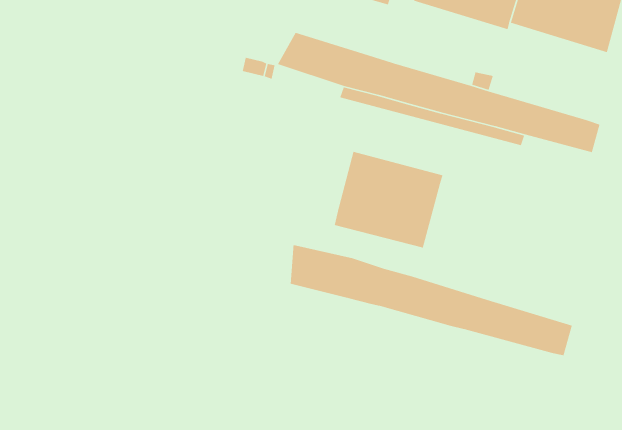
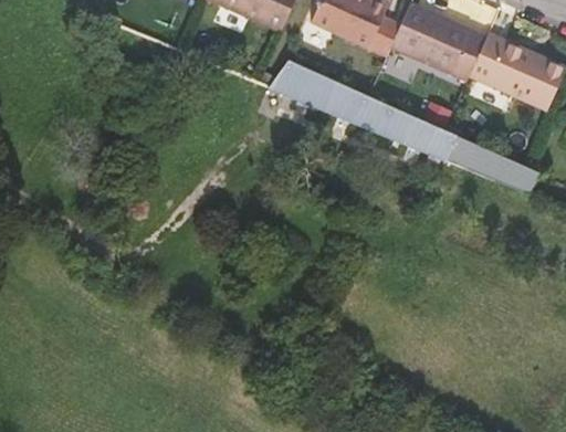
building: [334,151,443,249] -> none
building: [290,244,573,356] -> none

